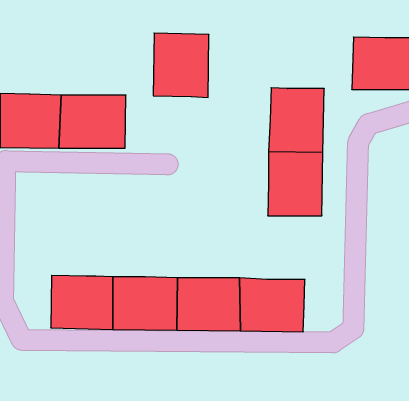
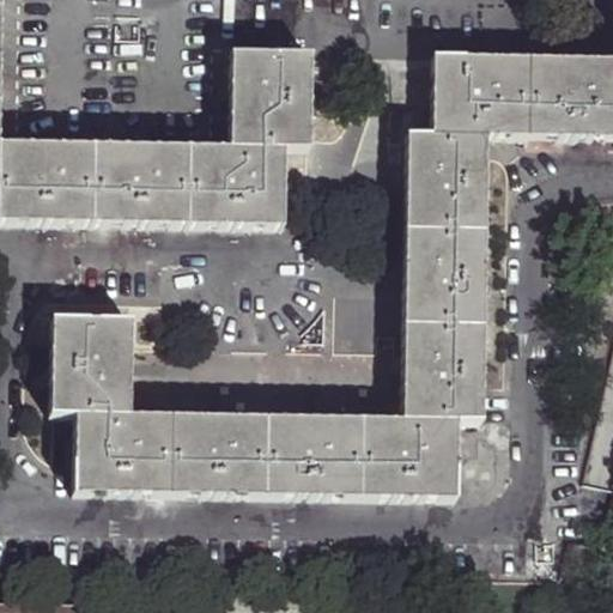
building: none -> [431,53,529,133]
building: none -> [190,141,289,221]
building: none -> [55,314,136,411]
building: none -> [401,321,482,415]

